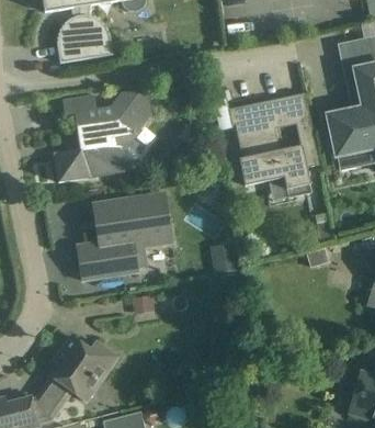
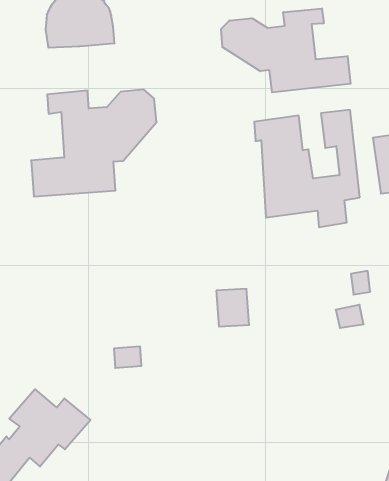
building: none -> [221,8,351,92]
building: [77,193,172,280] -> none

